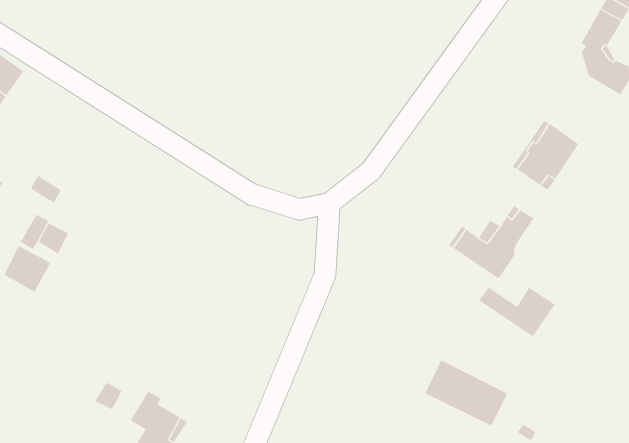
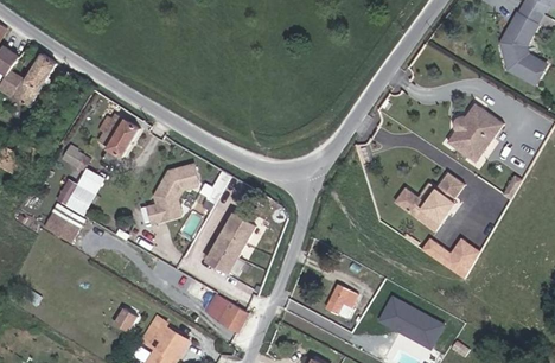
building: none -> [96,112,140,165]
building: none -> [147,163,197,221]
building: none -> [208,212,255,270]
building: none -> [324,284,358,318]
building: none -> [205,293,247,331]

